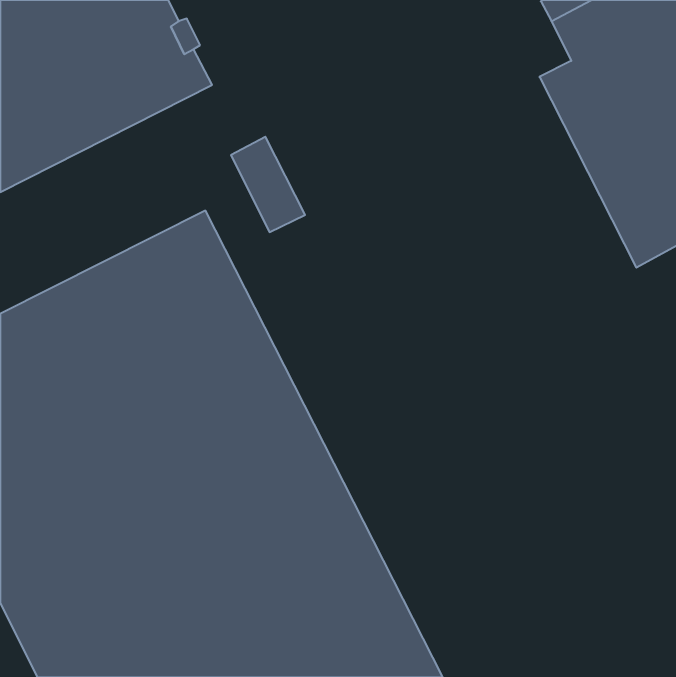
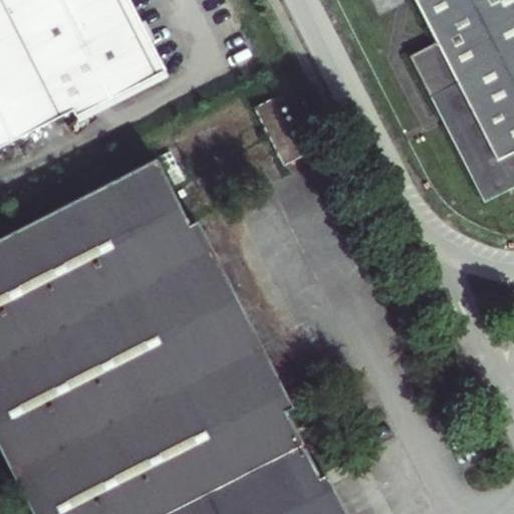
building: [231,137,305,232] -> [259,94,315,167]

